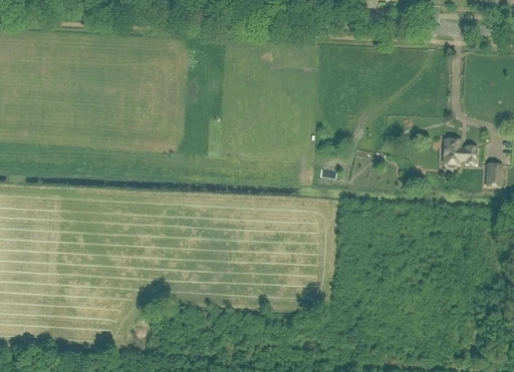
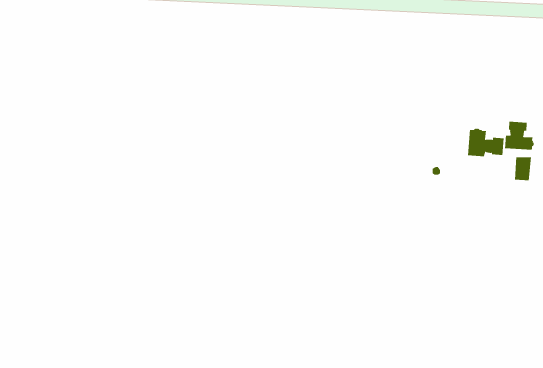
building: none -> [504,121,534,150]

